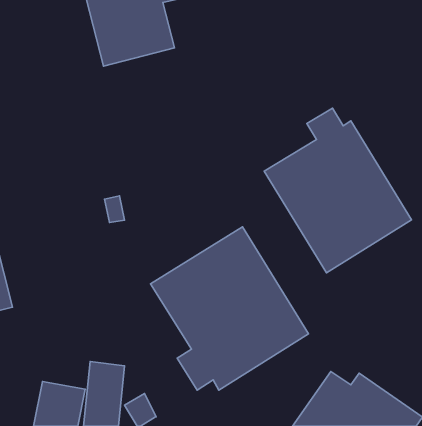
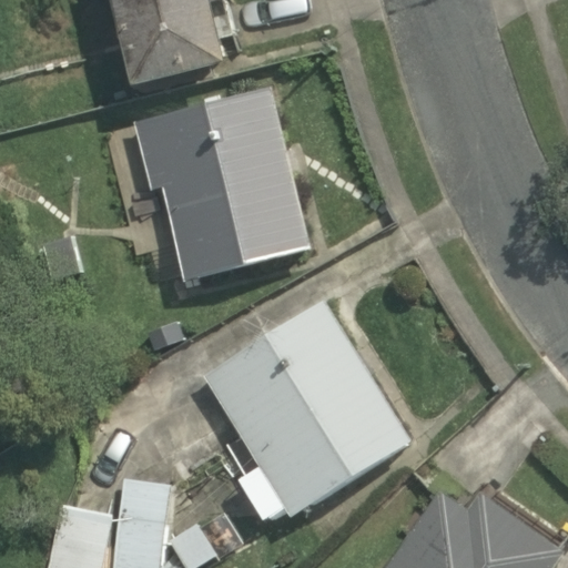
building: none -> [131,88,312,281]
building: [264,108,412,273] -> none

